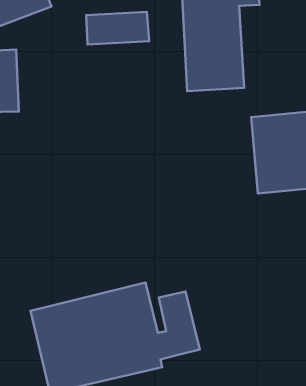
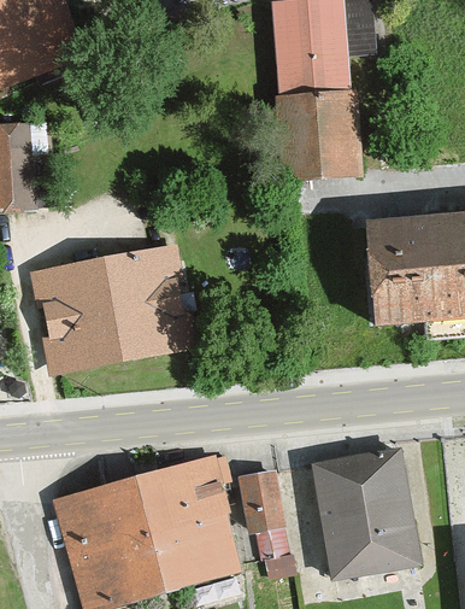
building: [86,12,149,44] -> none
building: none -> [27,245,186,377]
building: none -> [312,447,422,578]

